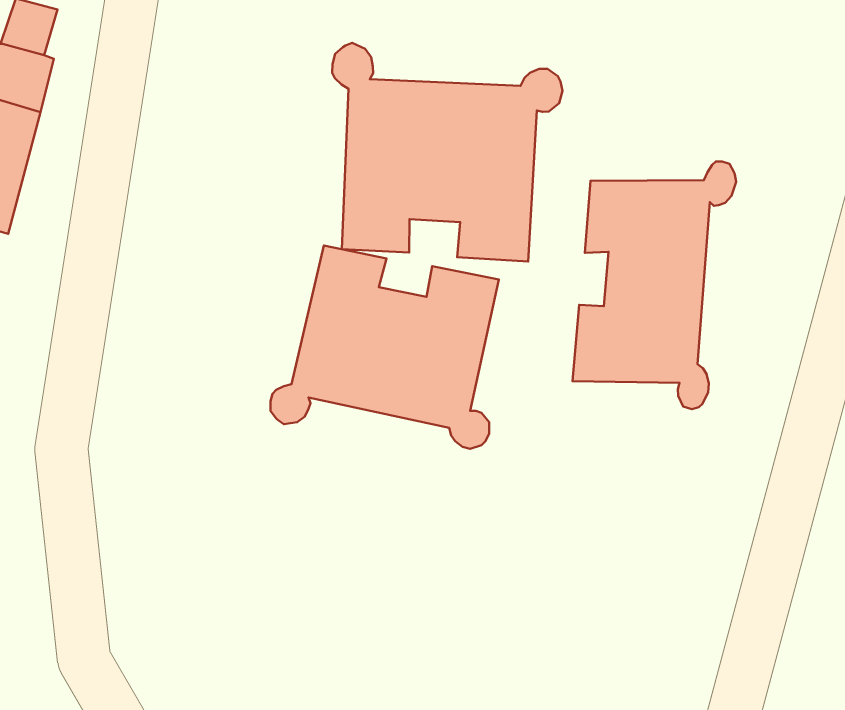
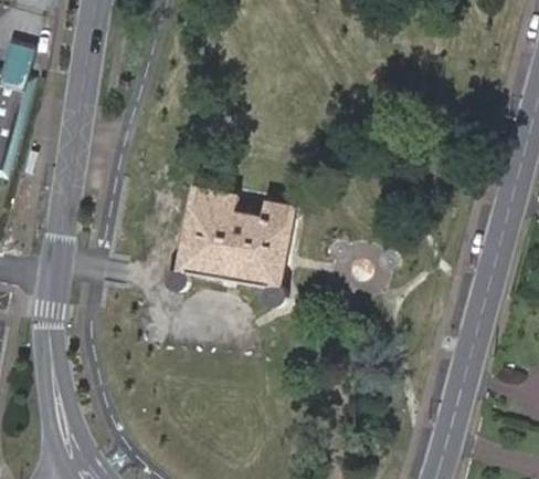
building: [332,43,562,261] -> none
building: [573,161,736,409] -> none

